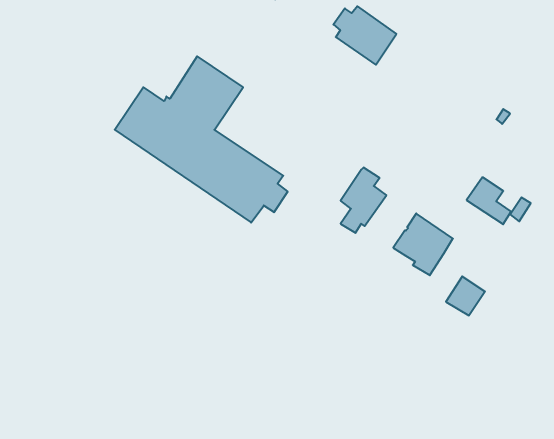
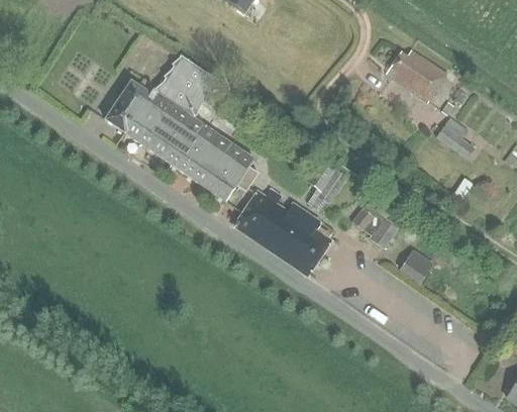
building: [333,6,396,65] -> [390,50,445,102]
building: [467,177,511,224] -> [434,117,474,159]
building: none -> [234,189,332,276]

